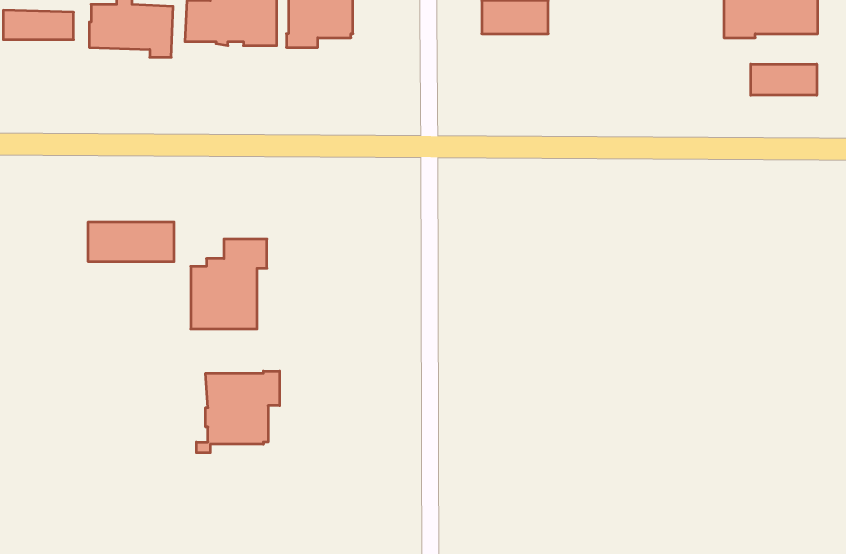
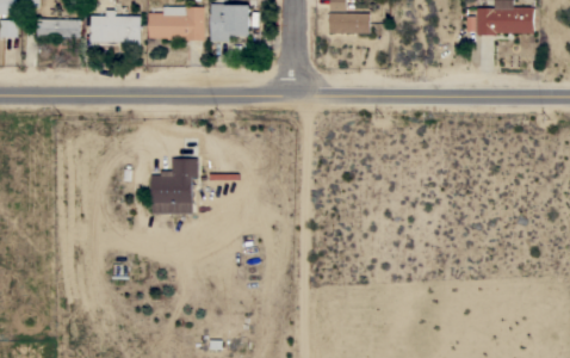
building: [751,64,817,95] -> none
building: [88,222,174,262] -> none
building: [196,371,280,453] -> none

